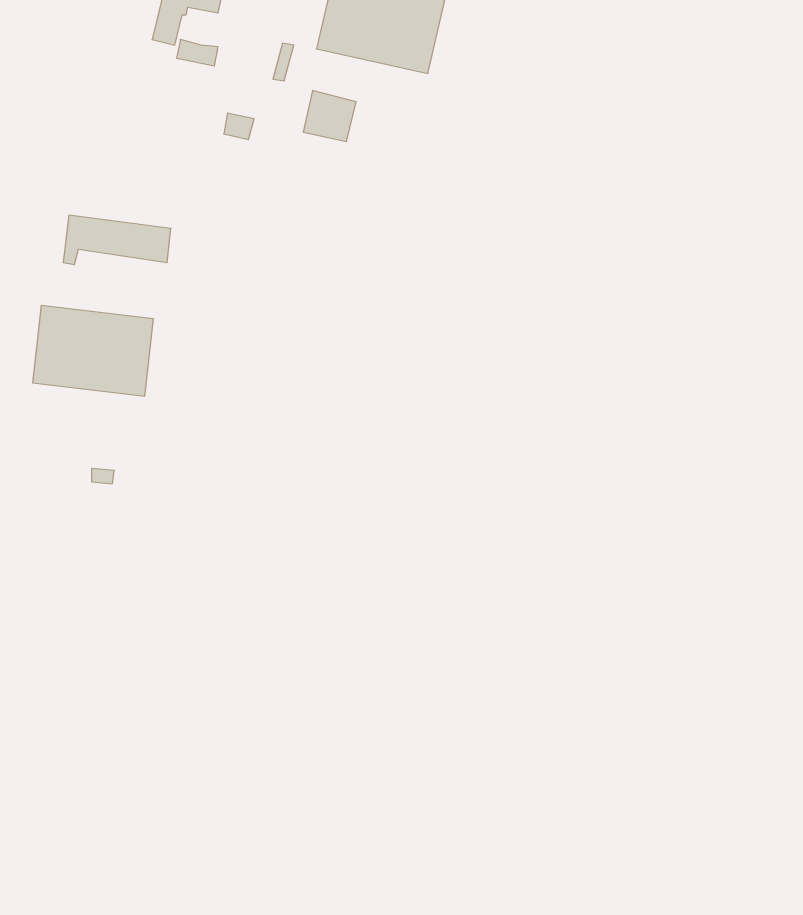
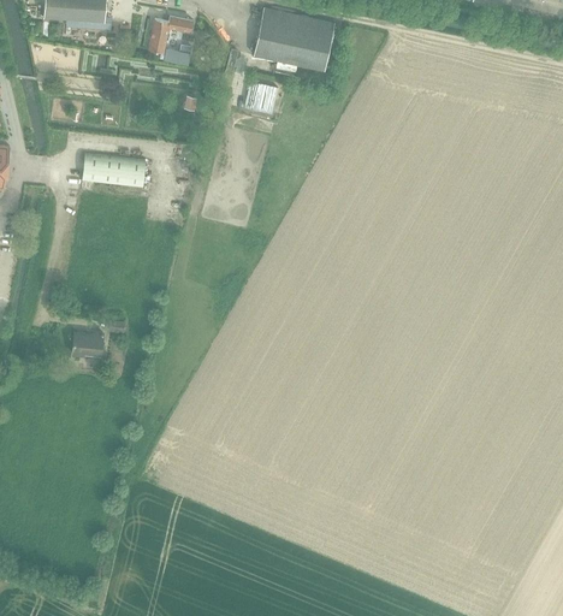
building: [33,305,153,396] -> none
building: none -> [72,332,102,354]

